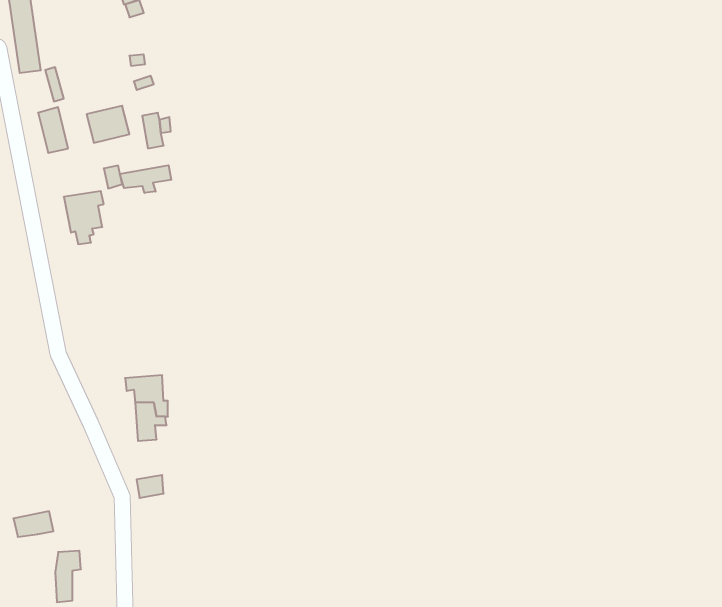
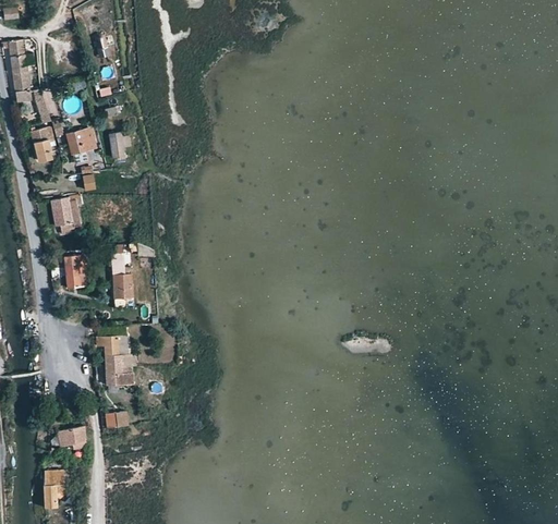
building: [120,165,171,193] -> none
building: none -> [63,253,88,287]
building: none -> [112,273,133,307]
building: [13,511,53,537] -> [56,427,86,447]

